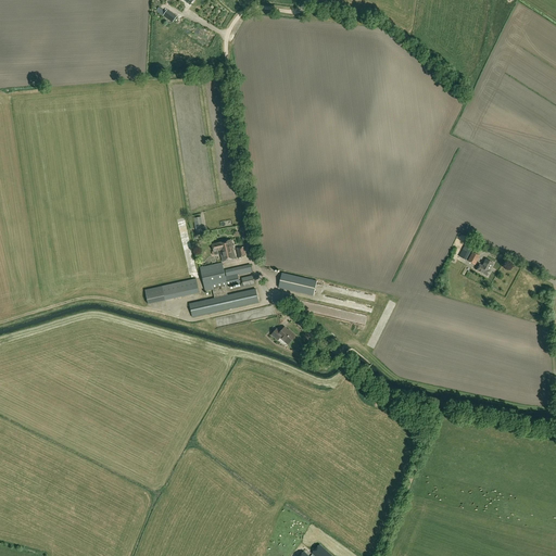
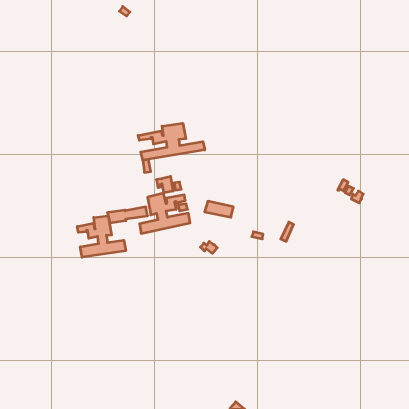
building: none -> [138,123,205,160]
building: none -> [77,216,126,257]

